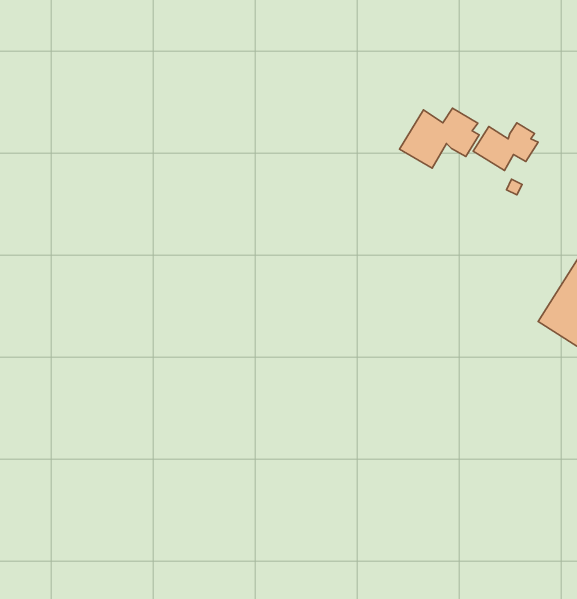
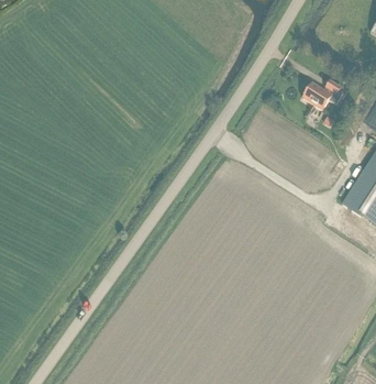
building: [399,108,479,168] -> none

